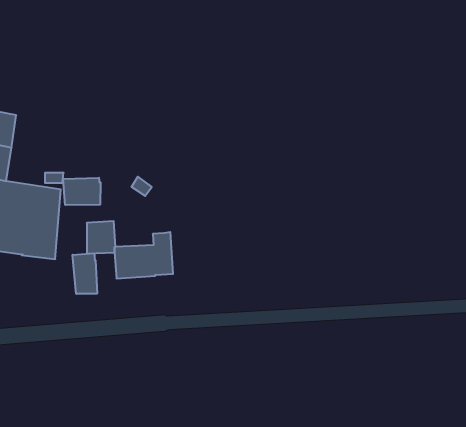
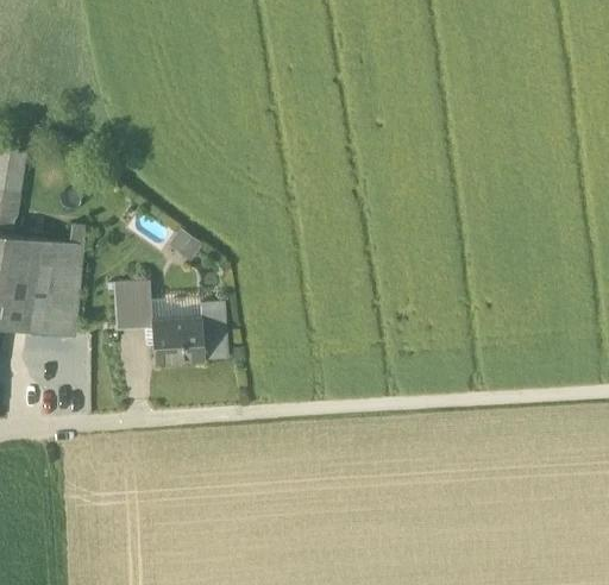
building: [63,178,101,205] -> none
building: [73,253,97,294] -> none

